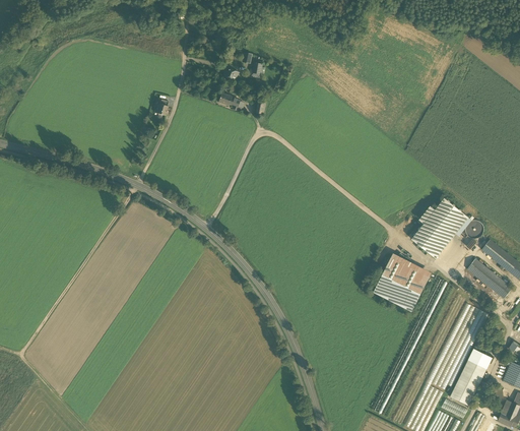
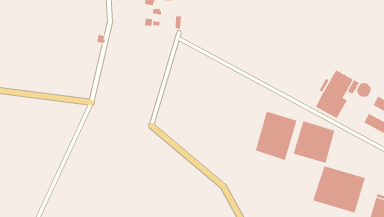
building: none -> [255,111,297,161]
building: none -> [313,166,366,213]

